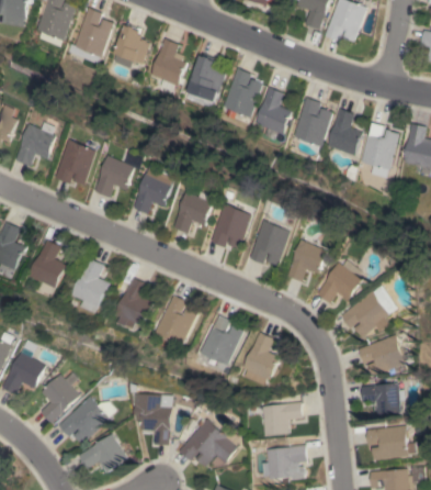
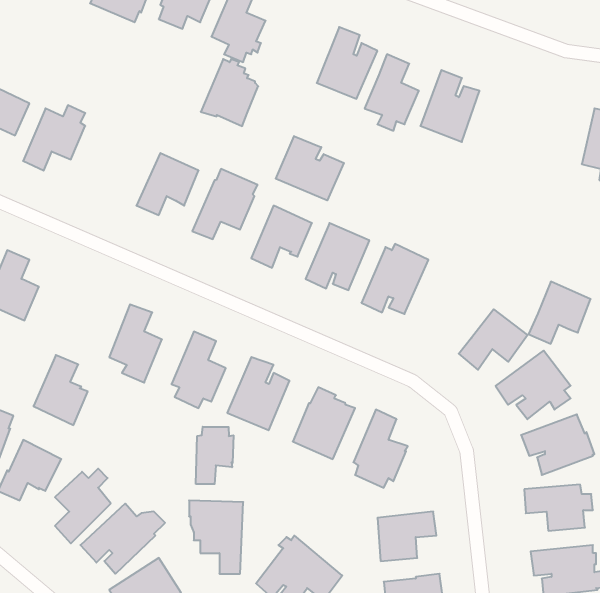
building: [183,55,223,101] -> [201,59,258,126]
building: [324,108,361,156] -> none
building: [359,122,397,178] -> none
building: [56,138,101,185] -> none
building: none -> [276,136,344,200]
building: [287,238,330,281] -> [528,282,591,344]
building: [33,240,70,288] -> [33,355,88,425]
building: none -> [196,427,233,484]

